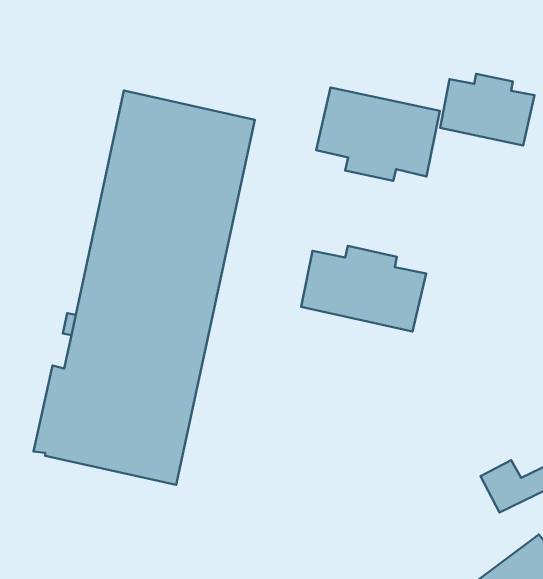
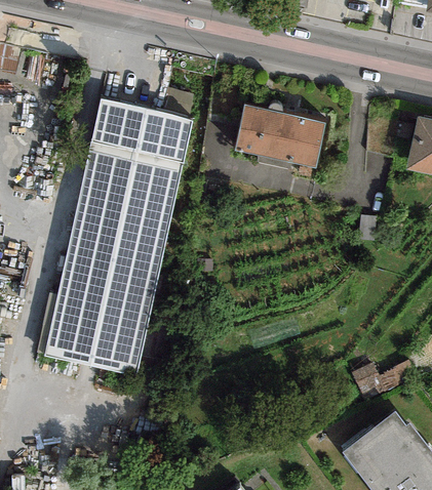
building: [440,74,535,145] -> none
building: [301,246,426,331] -> none

